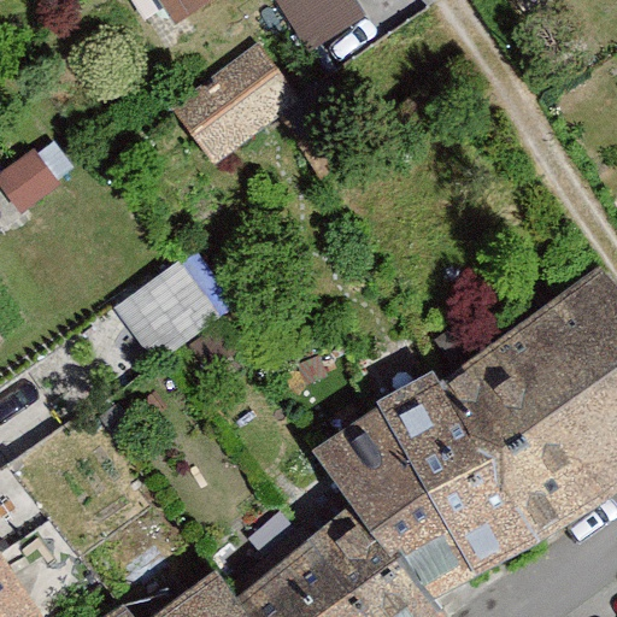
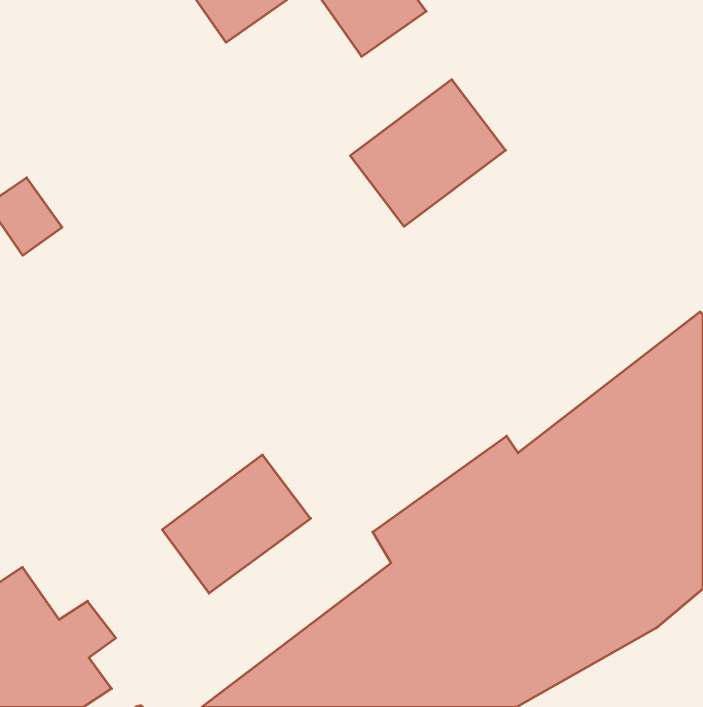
building: [166,40,299,165] -> [350,80,506,226]
building: [116,247,242,365] -> [162,455,311,593]

